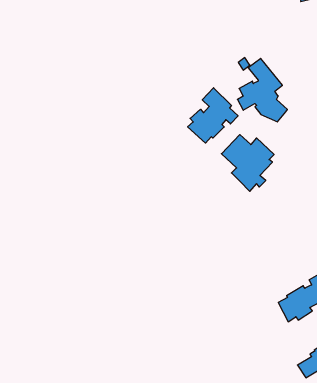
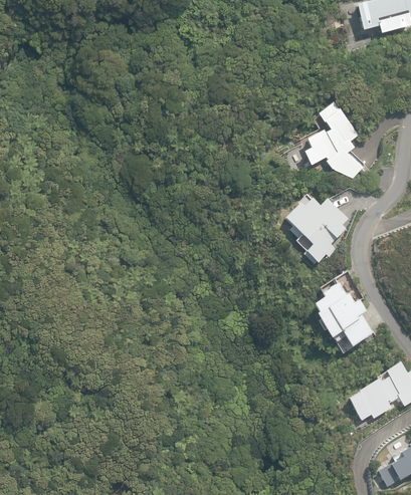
building: [188,88,238,143] -> none
building: none -> [312,270,373,345]

